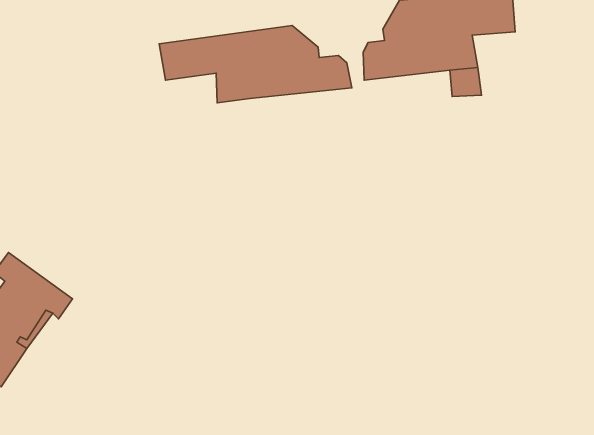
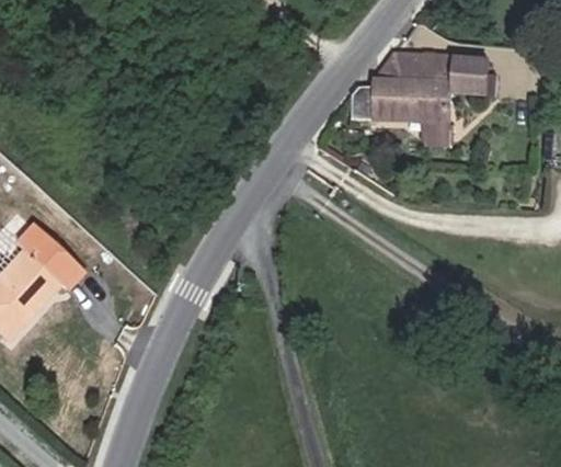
building: [159,25,352,103] -> none

